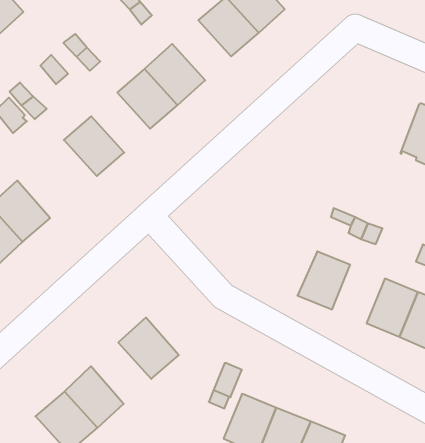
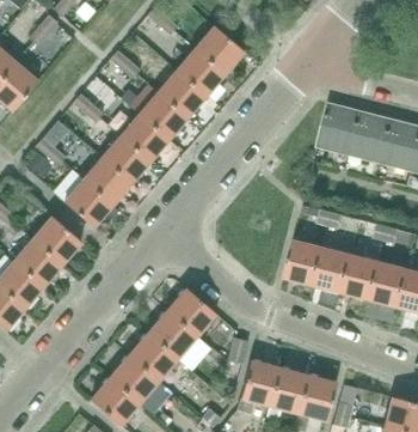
building: none -> [159,69,207,116]
building: none -> [319,103,359,153]
building: none -> [103,135,150,182]
building: none -> [64,178,113,227]
building: none -> [313,247,351,291]
building: none -> [167,288,216,336]
building: none -> [129,333,178,381]

